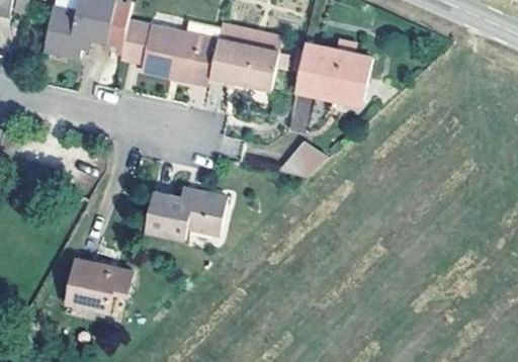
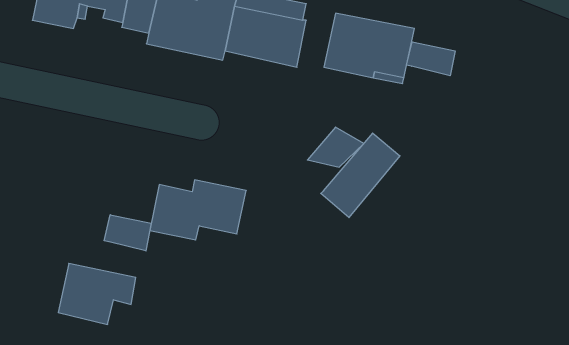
building: none -> [407,42,455,76]
building: none -> [321,133,400,218]
building: none -> [104,215,151,251]

